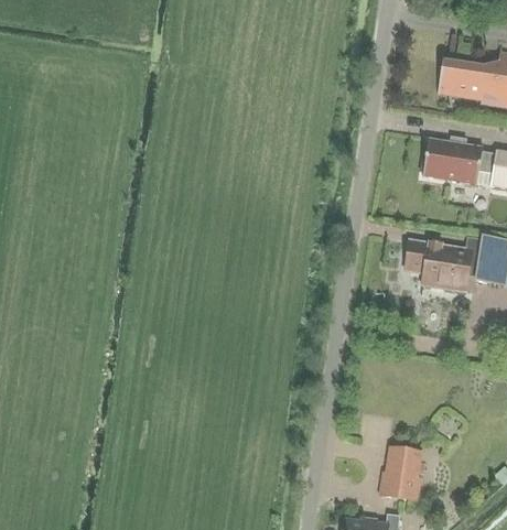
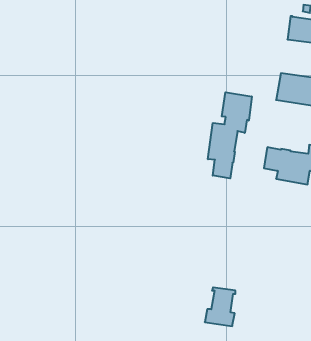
building: none -> [208,92,252,178]
building: [379,446,421,499] -> [205,287,235,326]

